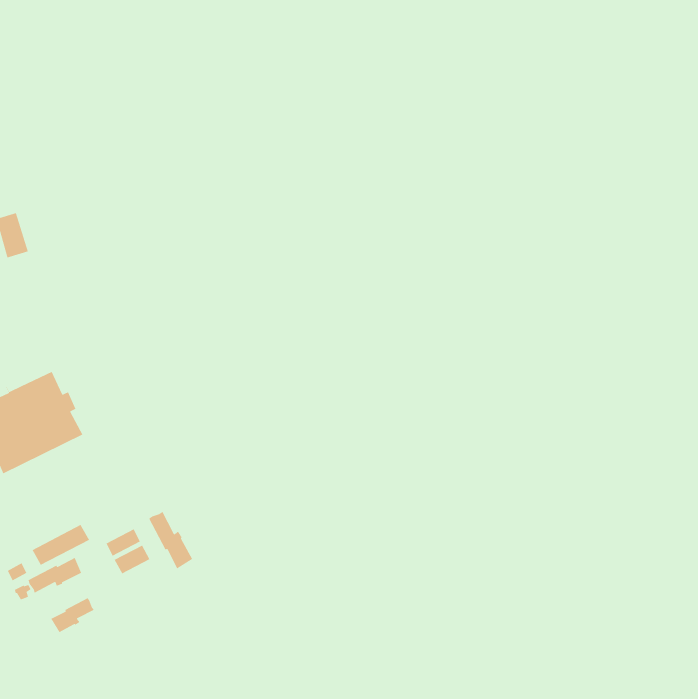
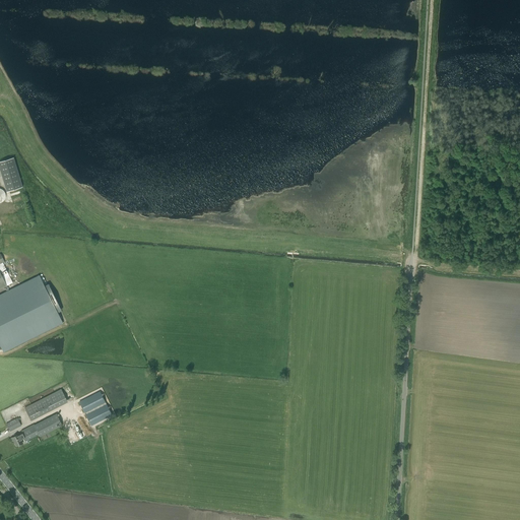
building: [148,511,193,570] -> none
building: [50,597,95,633] -> none

